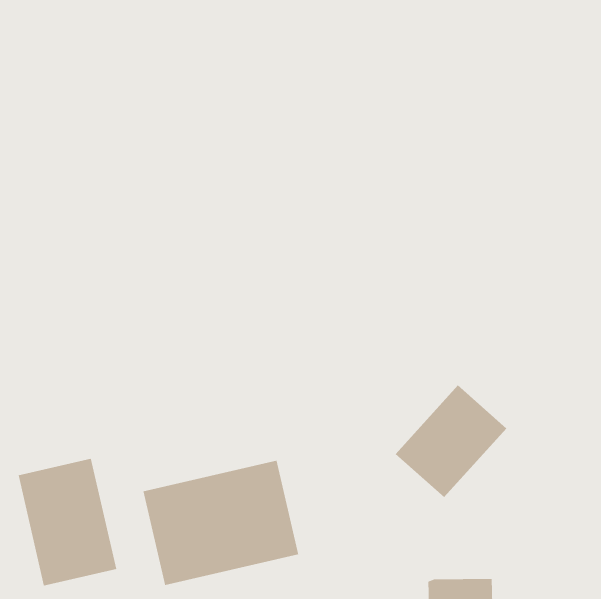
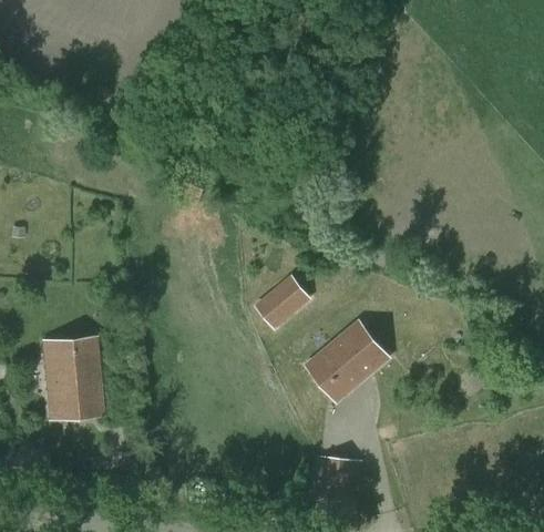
building: none -> [254,275,310,330]
building: [143,460,299,586] -> none

